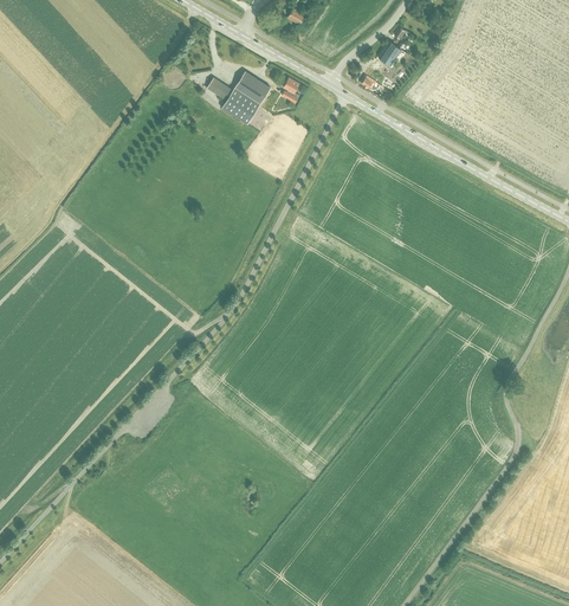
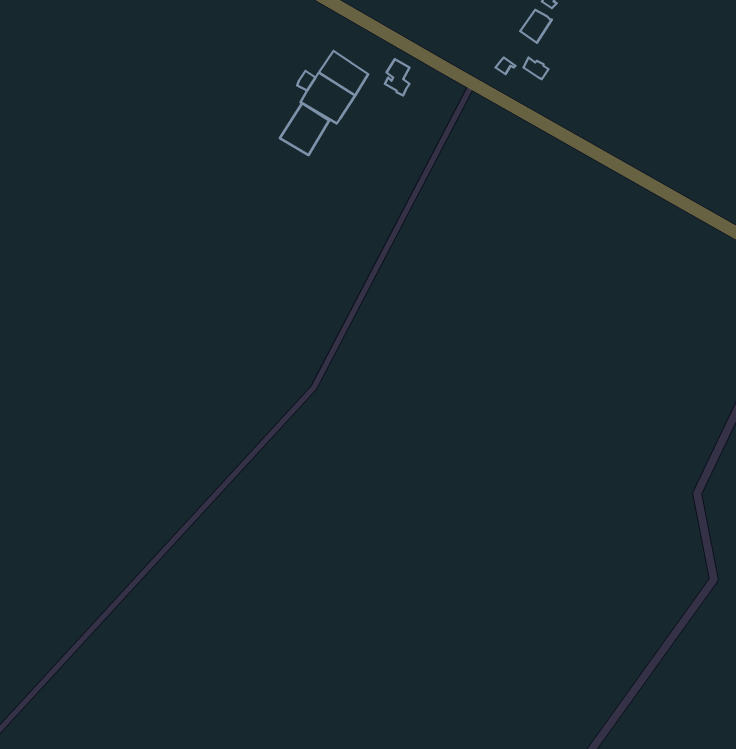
building: none -> [280,103,329,155]

